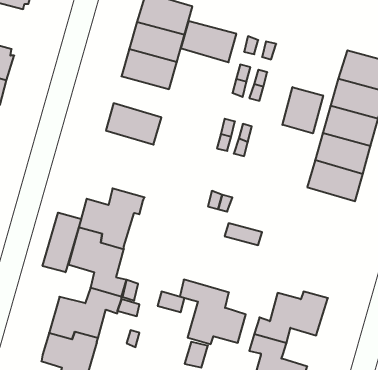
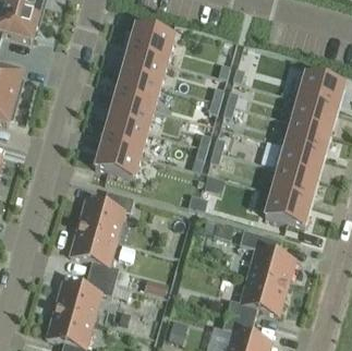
building: [181,21,236,62] -> [108,95,155,130]
building: [282,87,323,133] -> none
building: none -> [95,141,142,177]
building: none -> [265,189,312,225]
building: [43,213,81,272] -> none
building: [180,280,246,344] -> [240,229,295,283]

